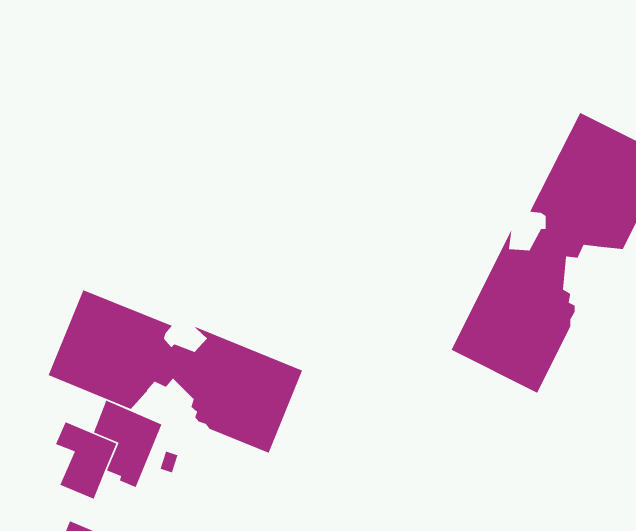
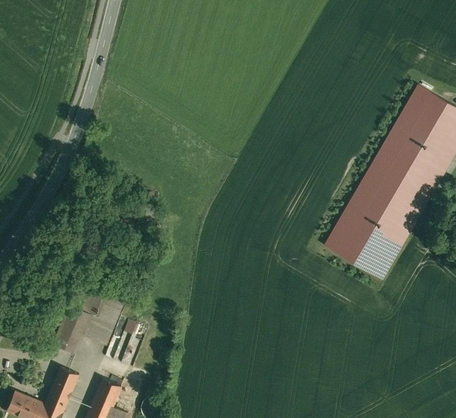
building: [48,289,303,454] -> none

